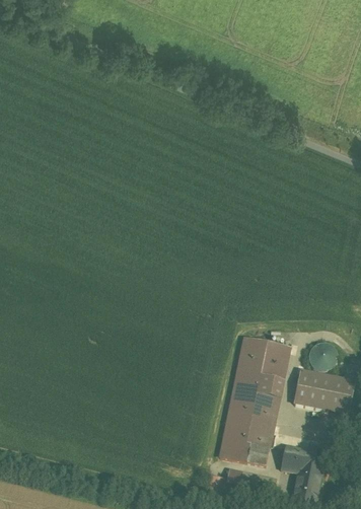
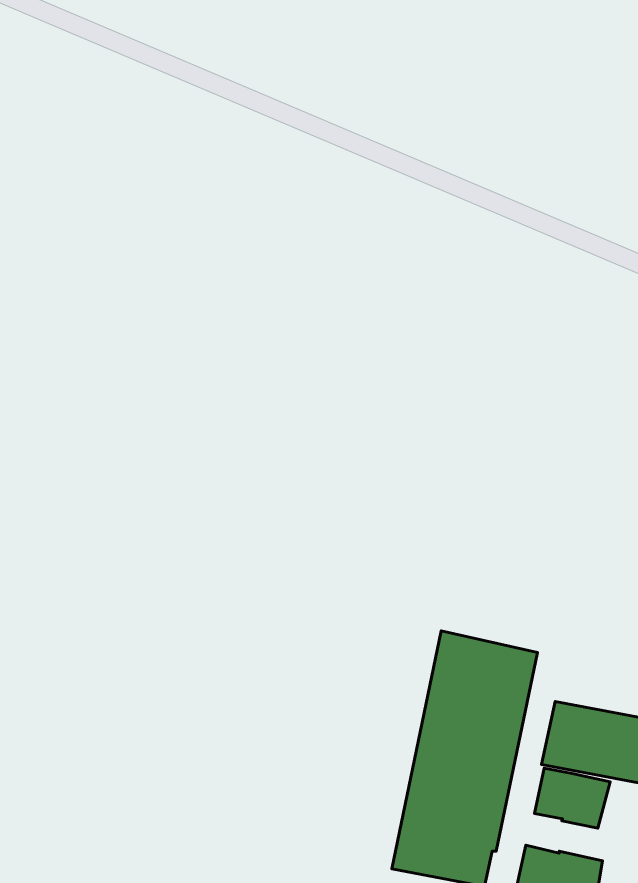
building: [309,343,338,371] -> none
building: none -> [534,768,610,828]

